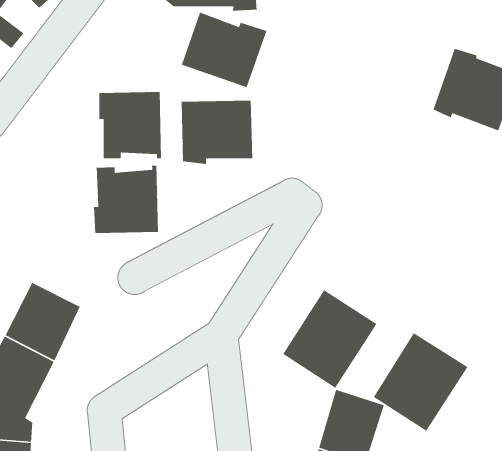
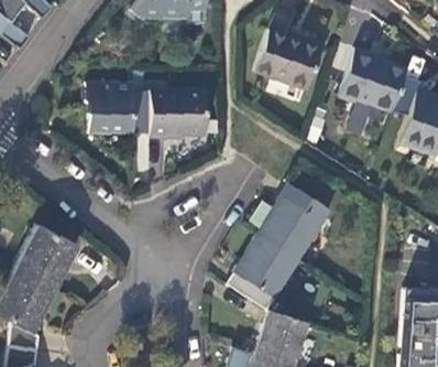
building: [181,12,268,88] -> [255,29,321,87]
building: [93,165,159,234] -> none
building: [373,332,468,432] -> [259,184,331,260]

